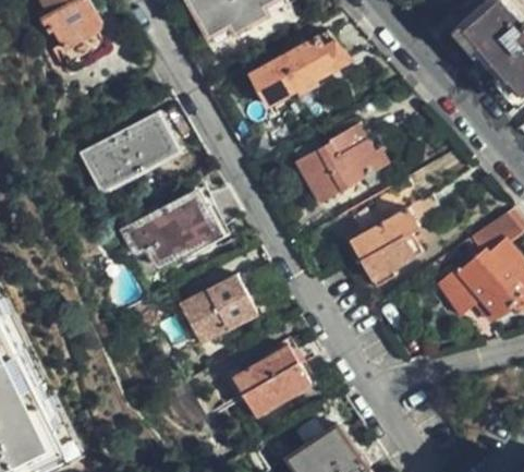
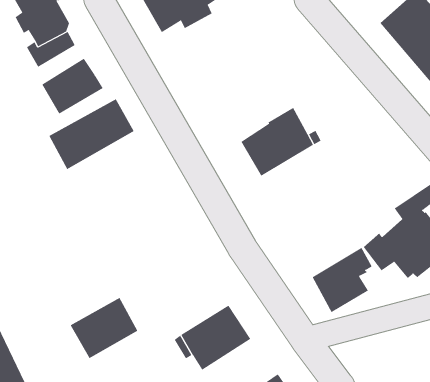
building: [249,32,350,108] -> none
building: none -> [41,58,103,115]
building: [122,192,218,269] -> none
building: [354,205,423,279] -> [312,247,373,313]
building: [178,276,255,346] -> [70,297,138,359]

